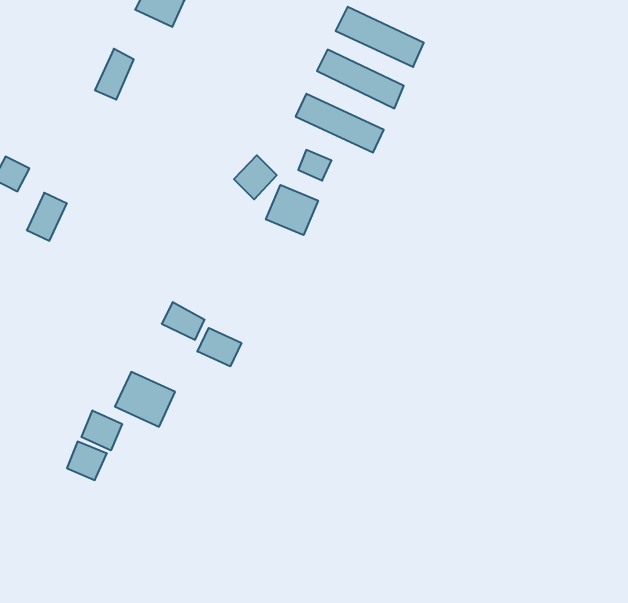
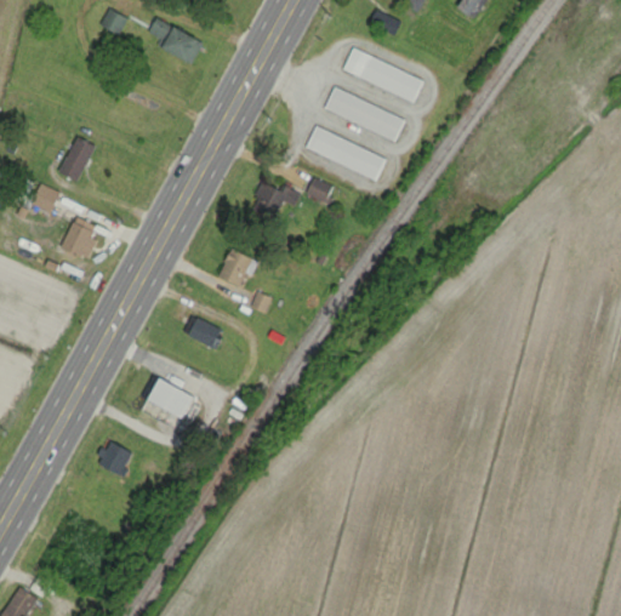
building: [95,49,134,100] -> [59,136,95,182]
building: [266,185,318,235] -> none
building: none -> [218,250,253,289]
building: [197,328,241,366] -> none
building: [81,410,122,450] -> none

